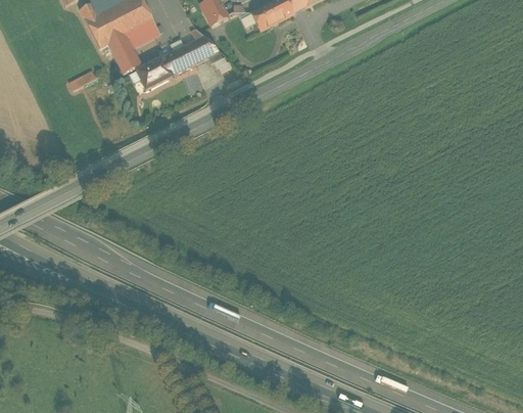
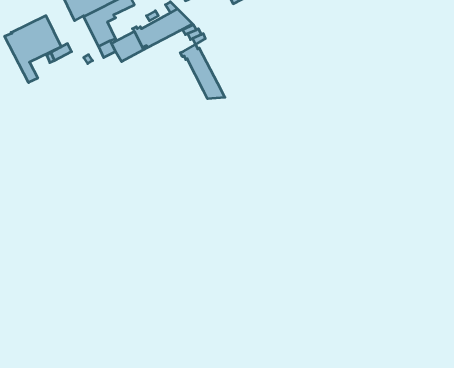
building: none -> [5,16,61,83]
building: none -> [180,45,225,99]

